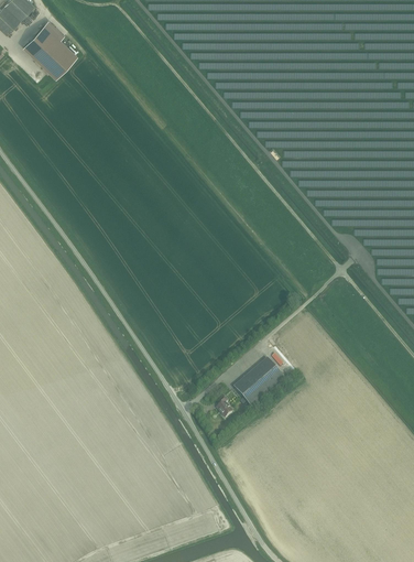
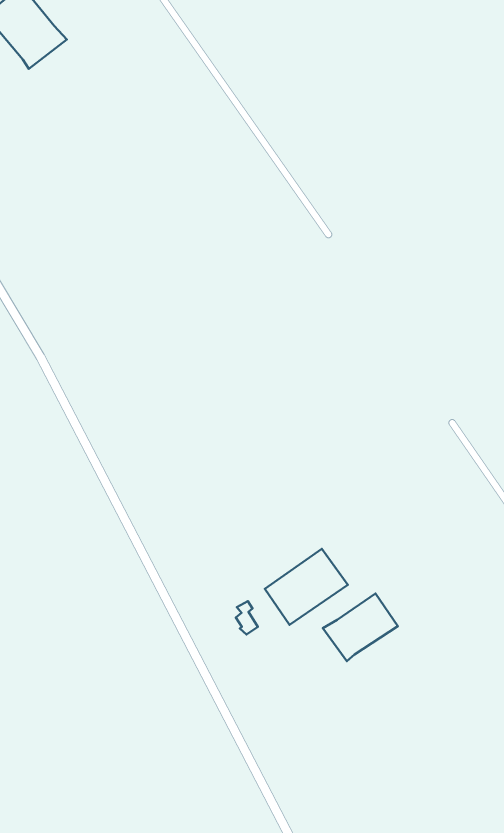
building: none -> [323,594,398,661]

